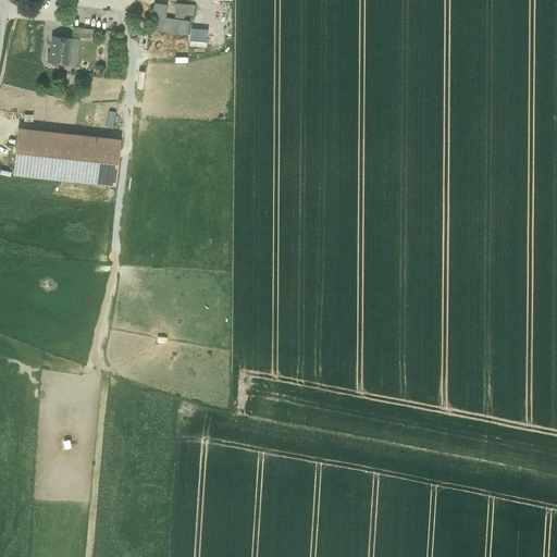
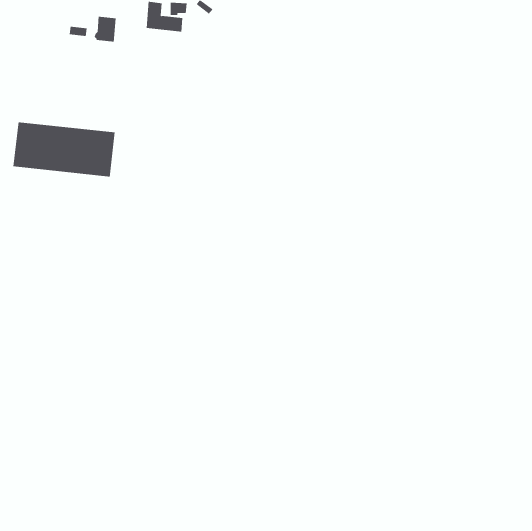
building: [48,37,72,64] -> [94,16,117,42]

